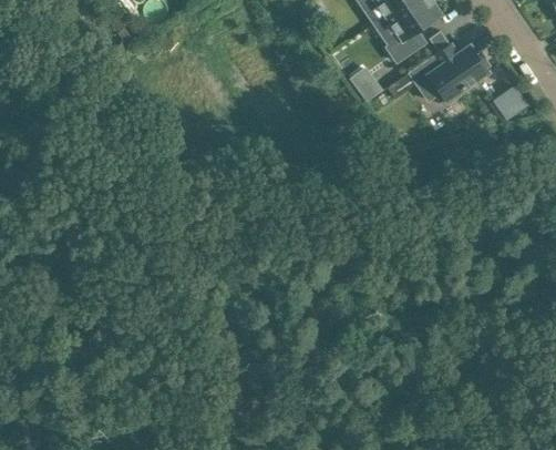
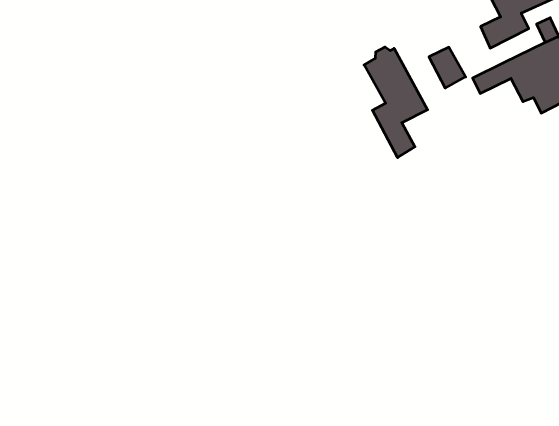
building: none -> [364,47,428,158]

